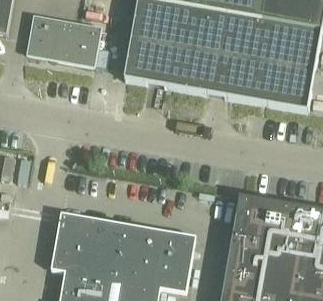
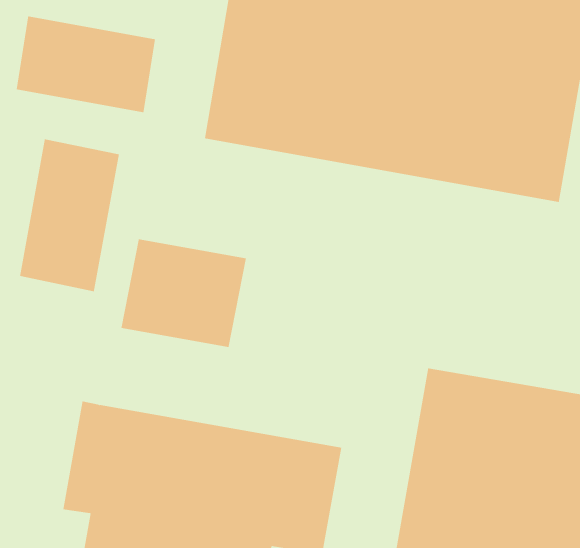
building: none -> [19,138,119,292]
building: none -> [121,239,246,348]

